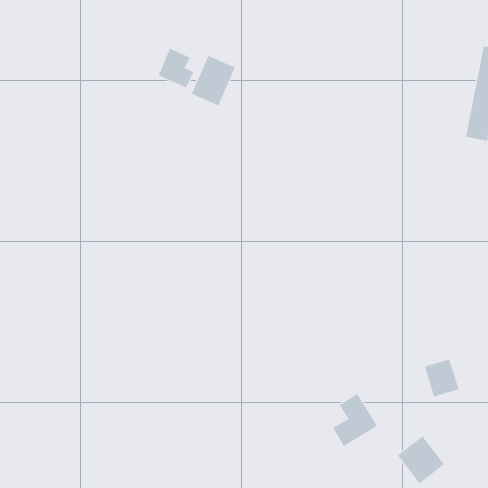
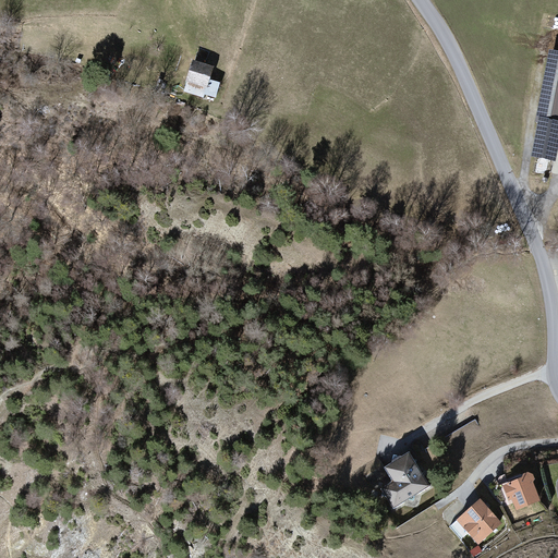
building: [191,55,236,106] -> none
building: [424,359,459,397] -> [504,470,544,513]

